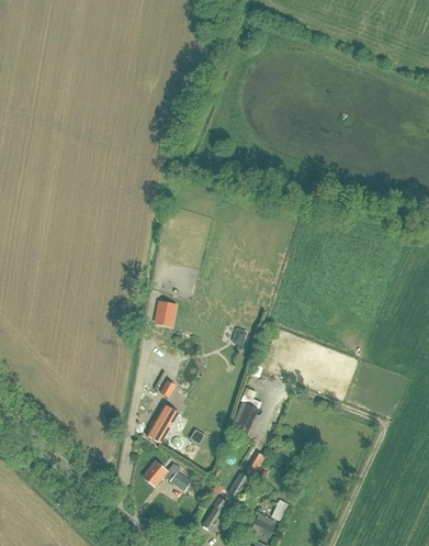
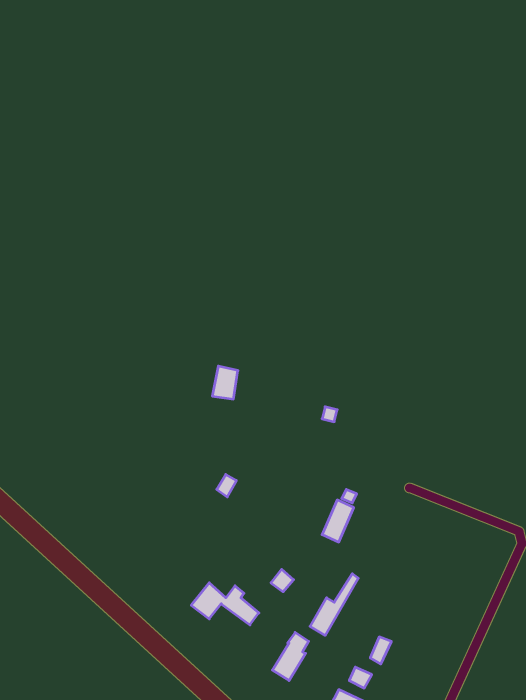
building: [146,403,178,443] -> none

